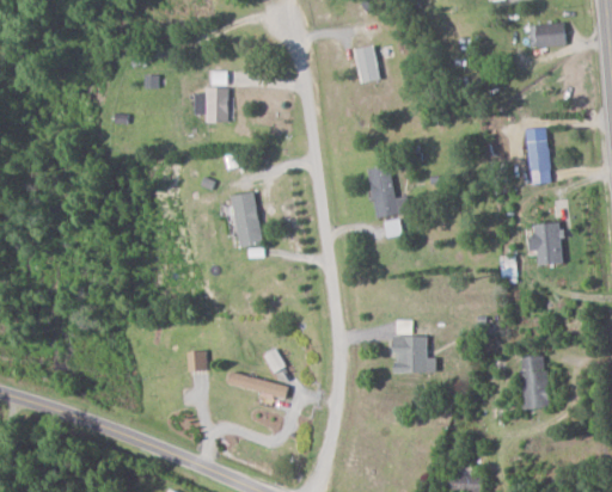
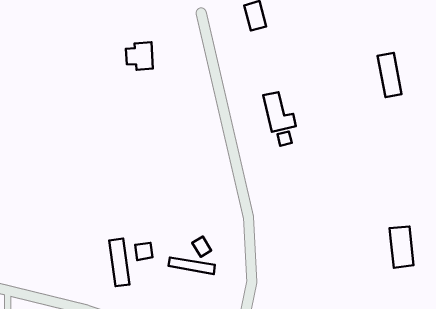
building: [231,191,262,247] -> none
building: [531,222,562,264] -> none
building: [390,336,435,373] -> none
building: none -> [109,239,130,286]

